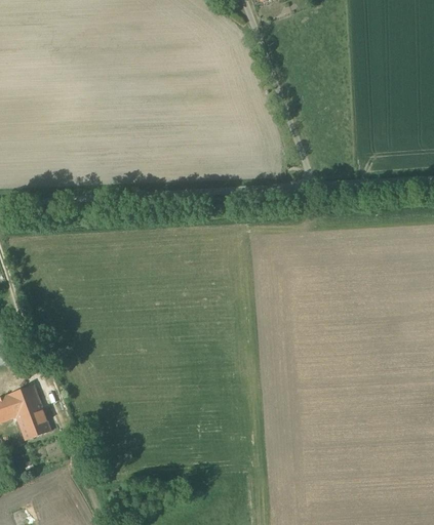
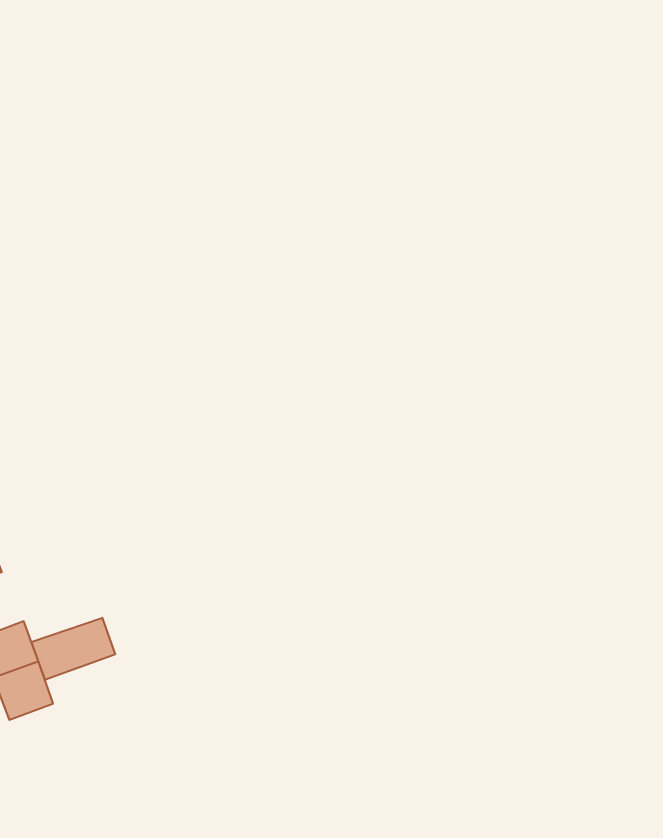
building: none -> [31,618,115,680]

